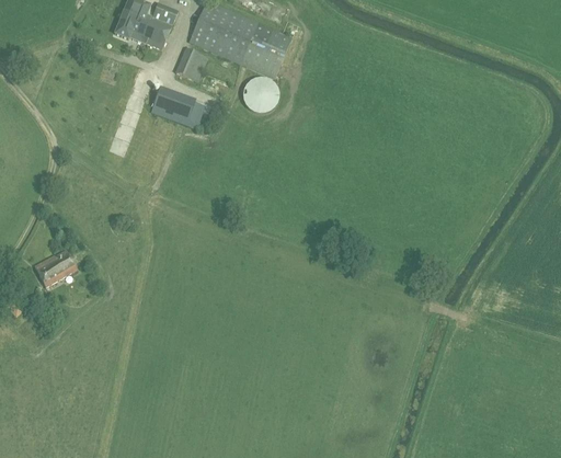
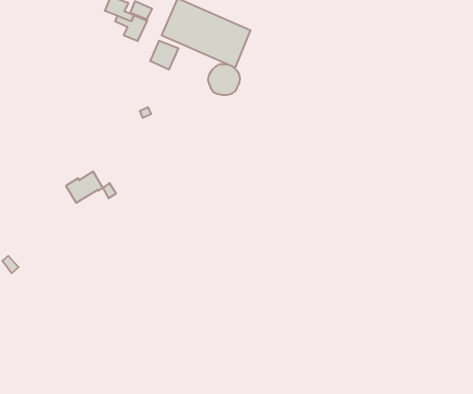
building: [115,13,149,43] -> none
building: [151,87,205,128] -> none
building: [34,250,77,286] -> [66,172,103,203]

